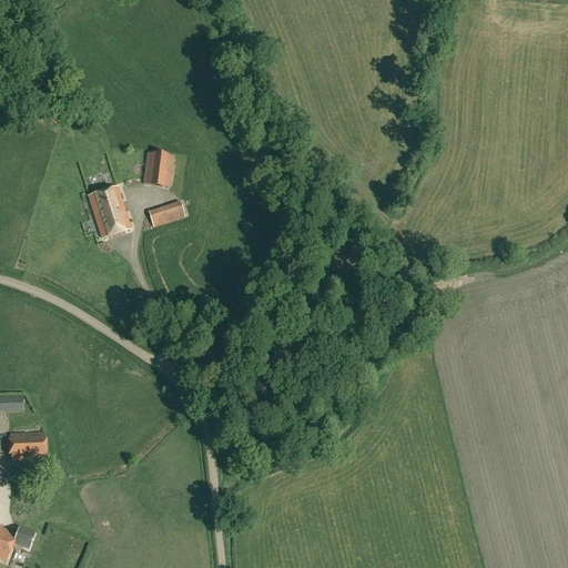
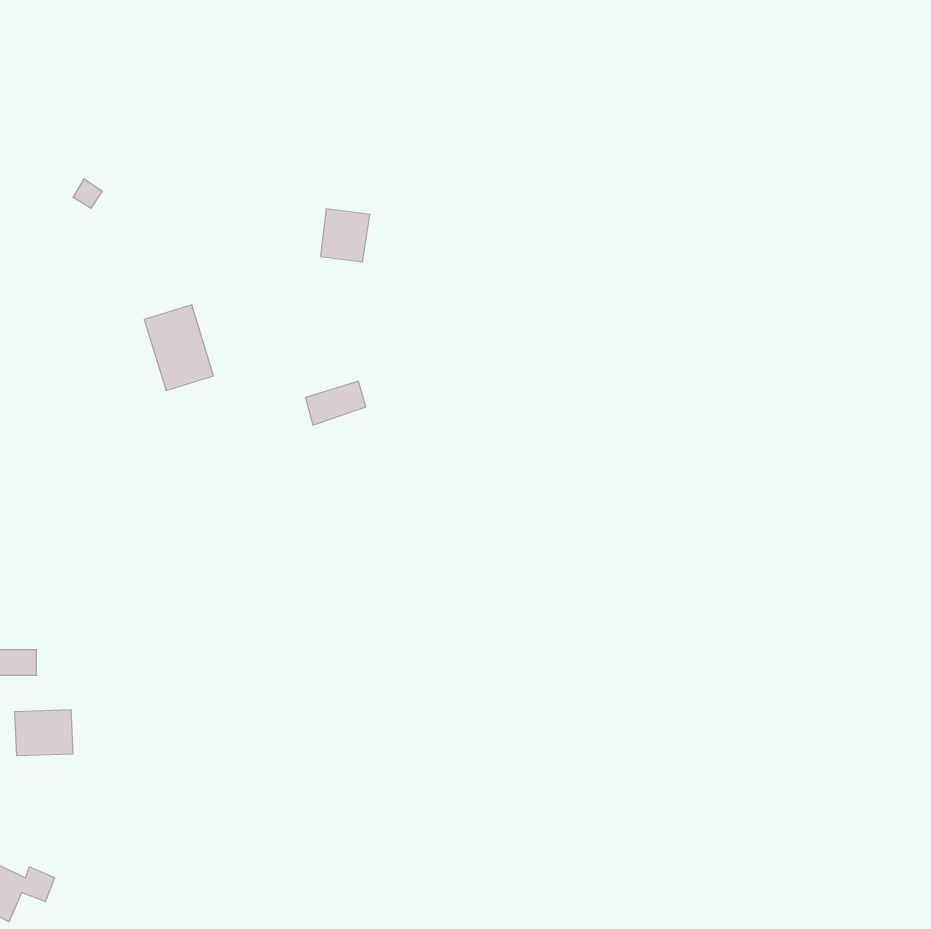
building: [143,153,173,185] -> [321,209,370,262]
building: [148,200,184,226] -> [305,381,366,425]

